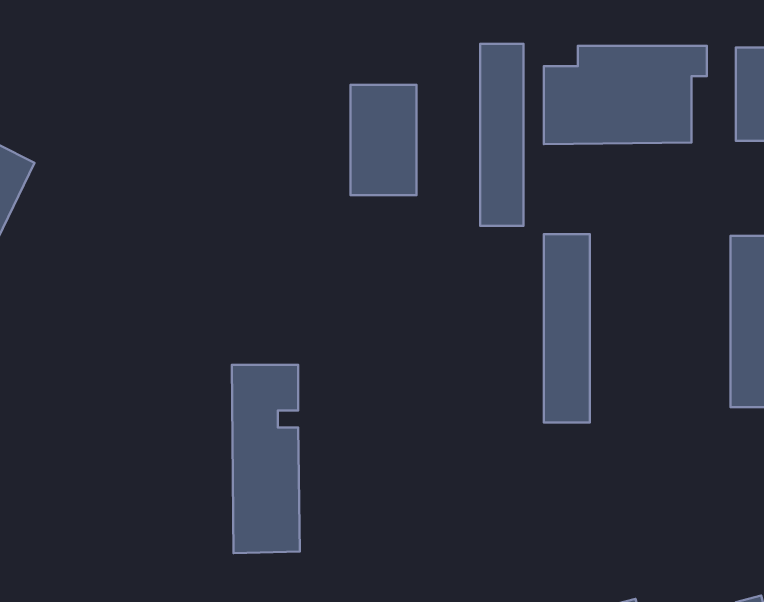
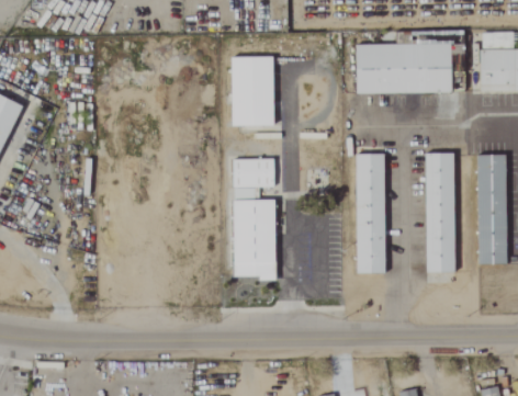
building: [480,44,523,226] -> none
building: none -> [426,152,455,272]
building: [232,365,300,553] -> [233,158,277,280]

